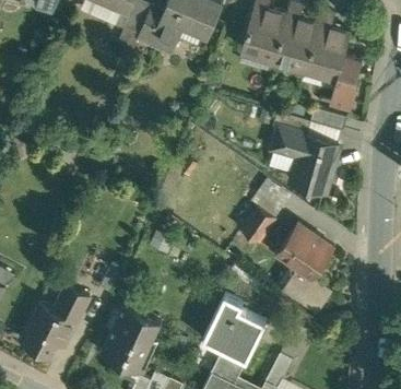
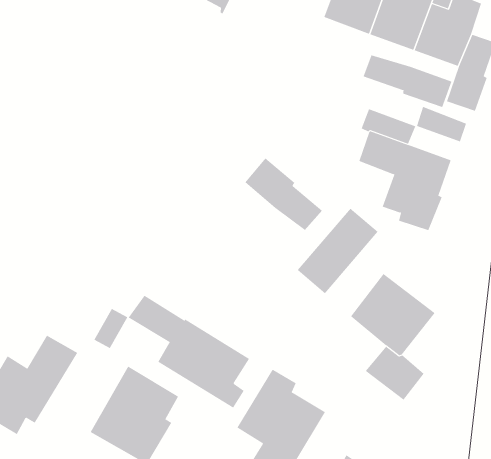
building: none -> [363,54,452,108]
building: none -> [244,158,323,231]
building: none -> [128,295,250,408]

